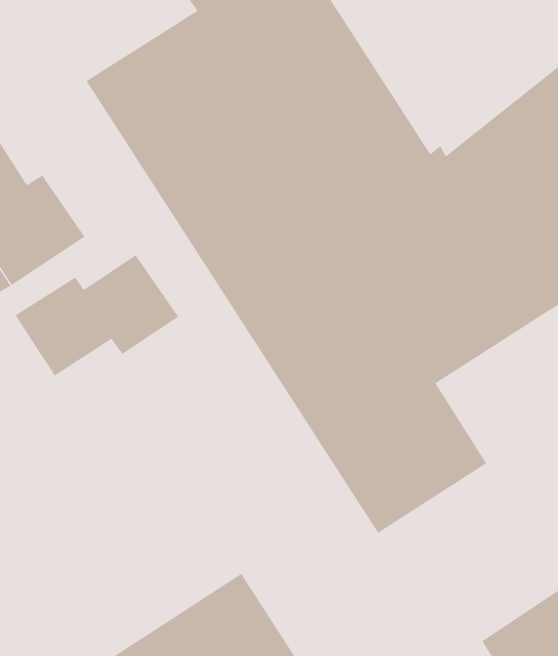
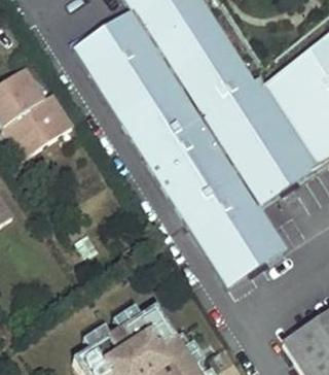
building: [14,254,179,377] -> none

